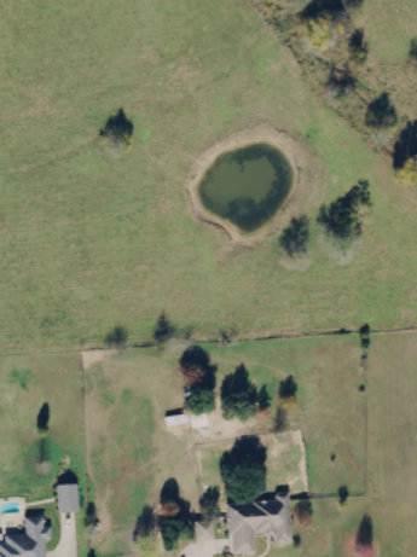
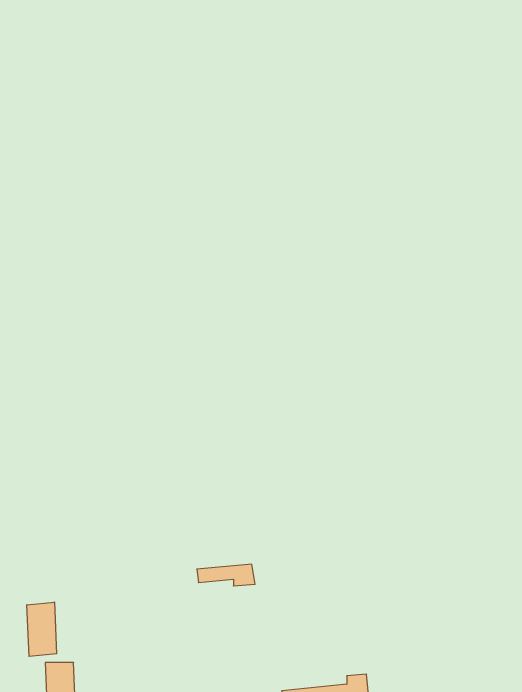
building: none -> [27,602,57,656]

